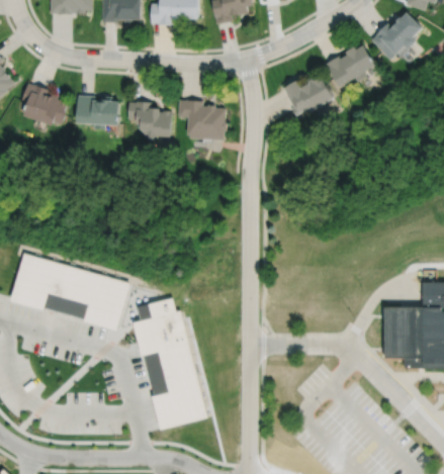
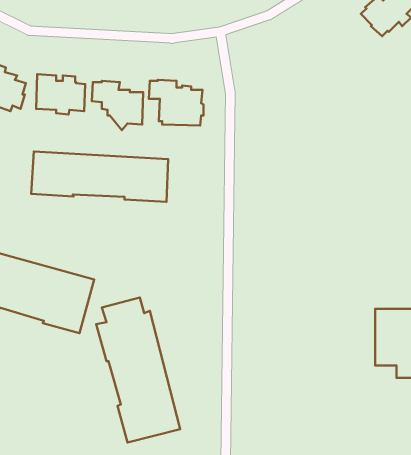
building: [325,46,376,90] -> none
building: [282,77,334,117] -> none
building: none -> [31,152,168,202]

